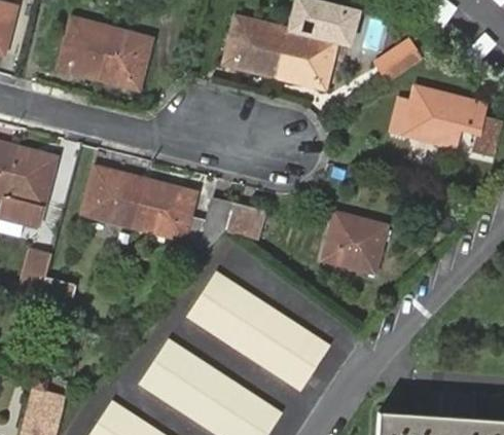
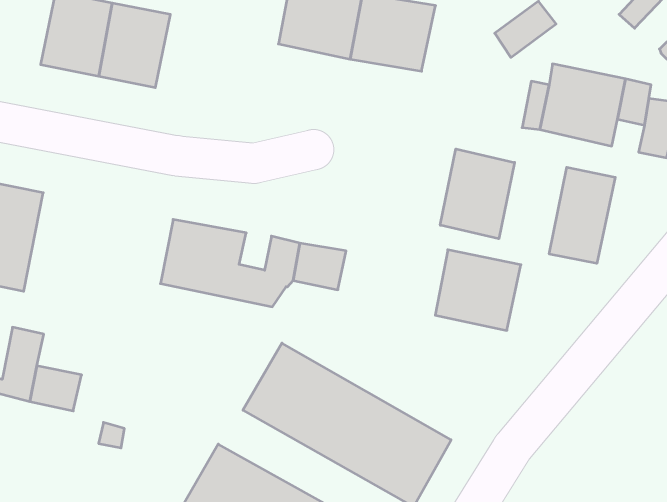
building: none -> [440,149,515,239]
building: none -> [549,167,615,263]
building: [84,168,145,225] -> none

